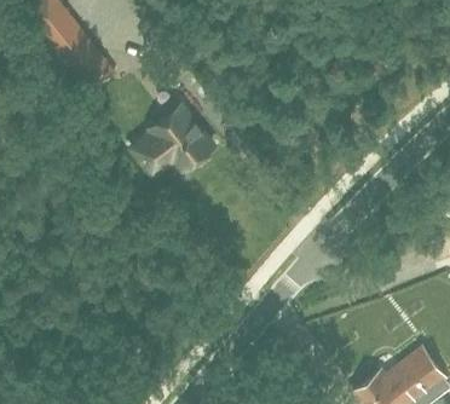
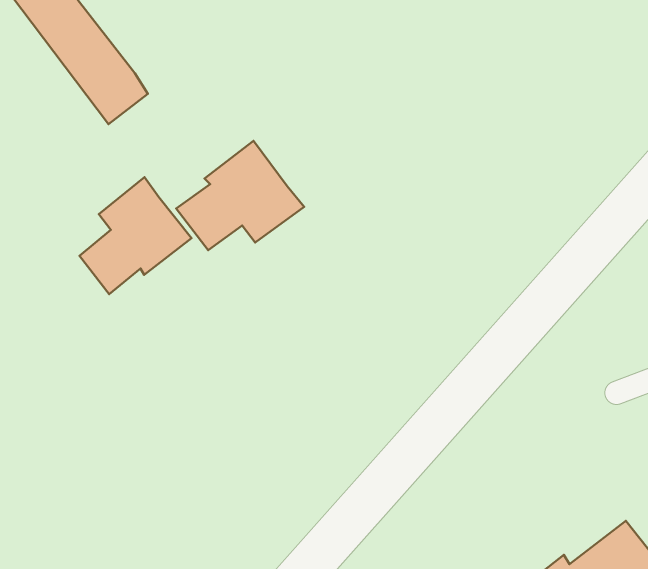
building: none -> [79,177,192,294]

